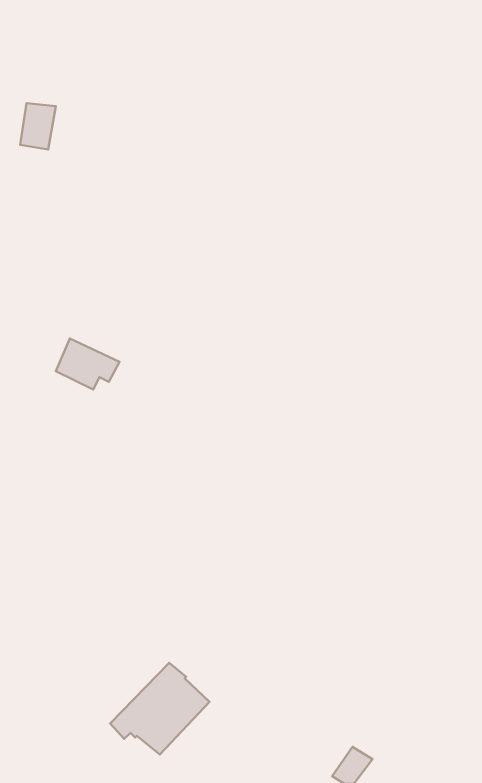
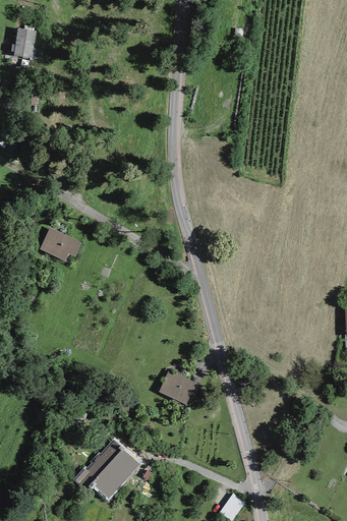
building: [20,103,56,150] -> [13,30,37,60]
building: none -> [159,369,198,405]

